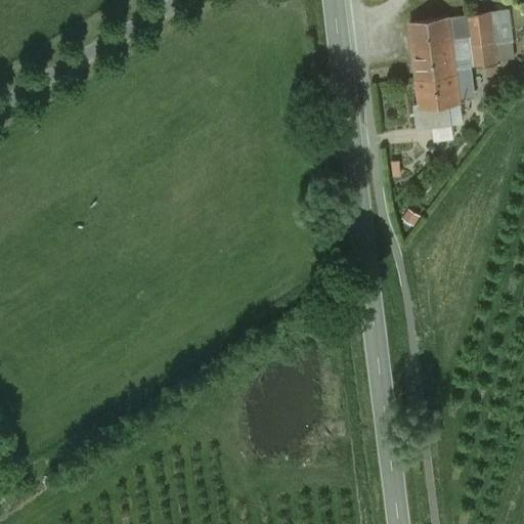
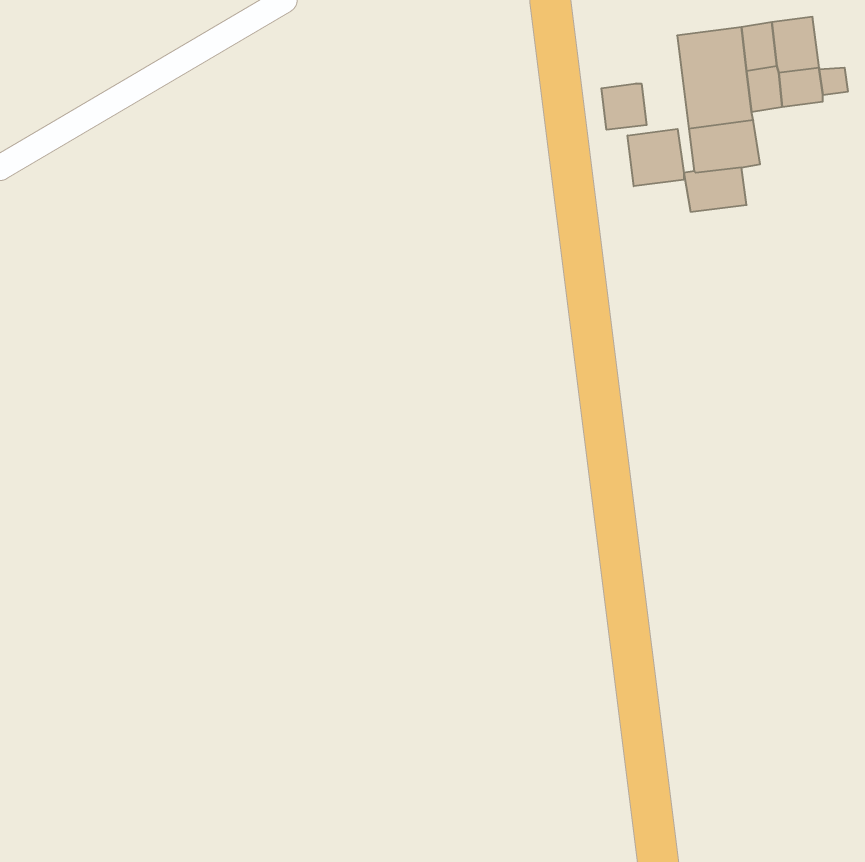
building: [491,9,512,44] -> none
building: none -> [601,83,647,130]
building: none -> [628,129,684,186]

